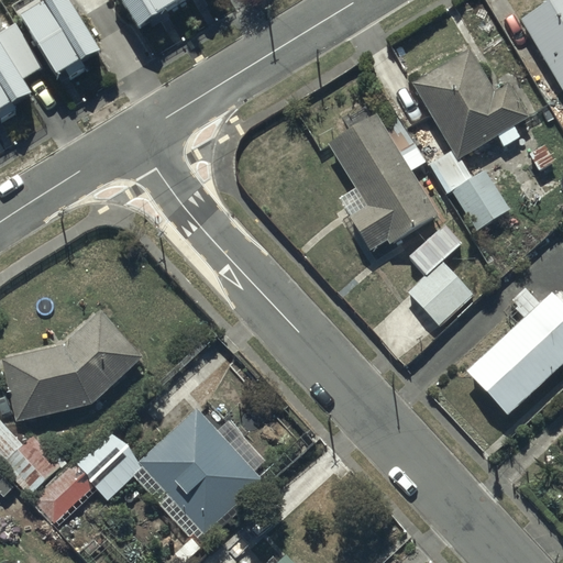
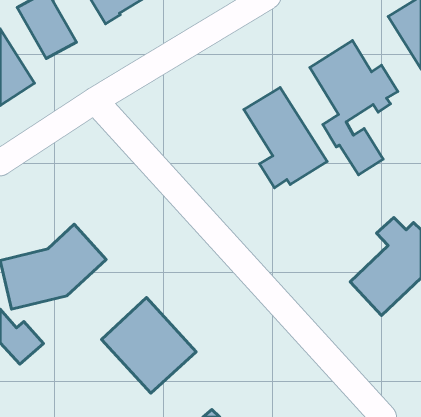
building: [408,228,474,329] -> none
building: [33,444,136,515] -> none

